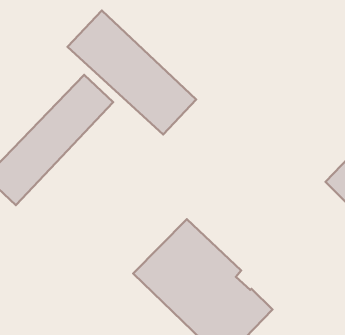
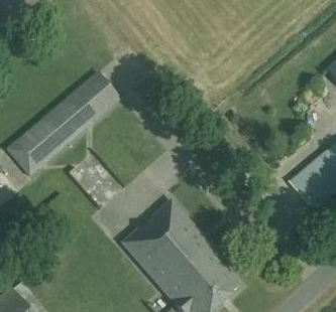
building: [67,11,196,134] -> none

